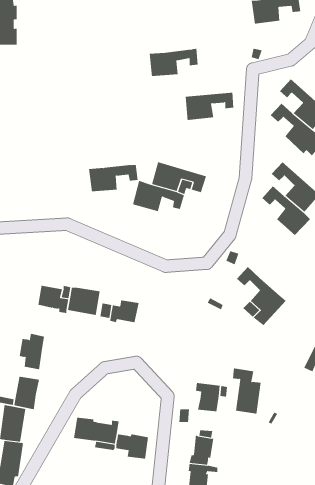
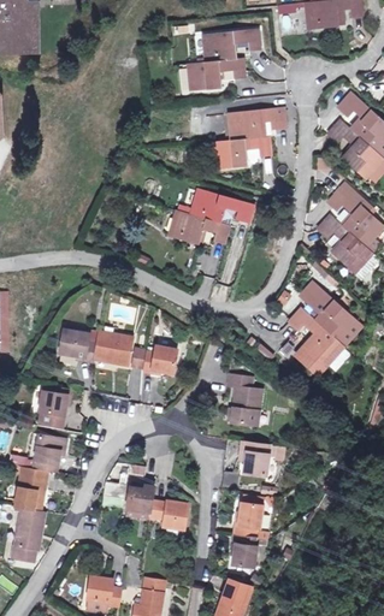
building: none -> [202,28,260,61]
building: [88,165,138,192] -> [213,136,271,167]
building: none -> [300,282,356,340]
building: [232,368,261,414] -> [228,372,261,425]

